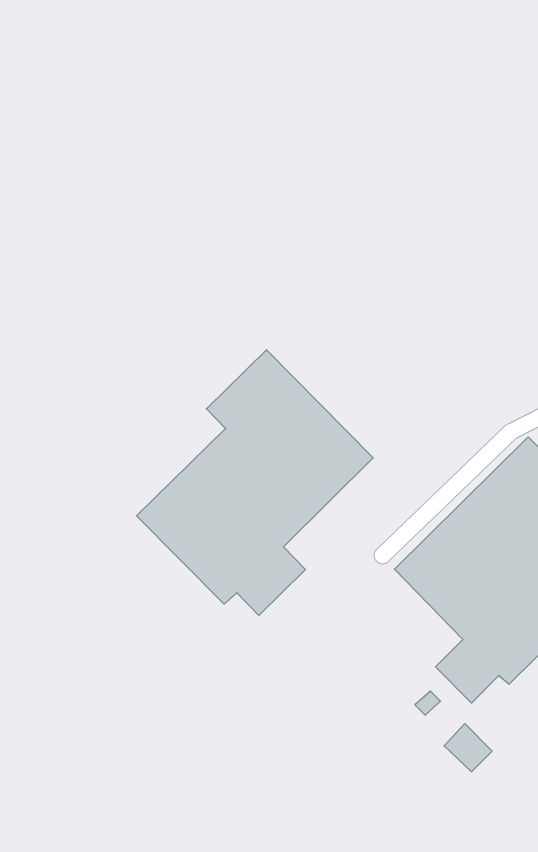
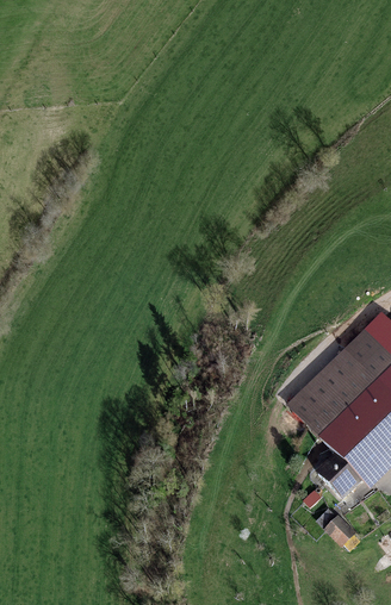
building: [136,350,373,615] -> none

